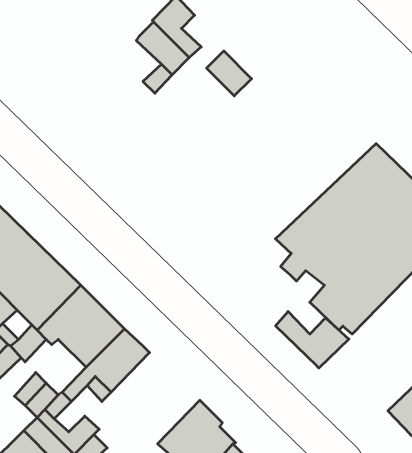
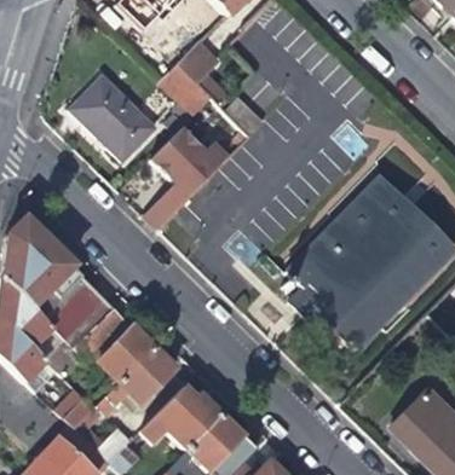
building: none -> [71,74,157,161]
building: none -> [146,133,227,228]
building: [276,311,349,368] -> none
building: none -> [137,390,221,451]

